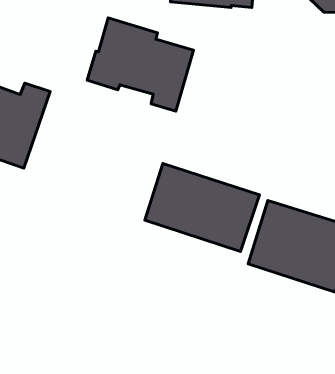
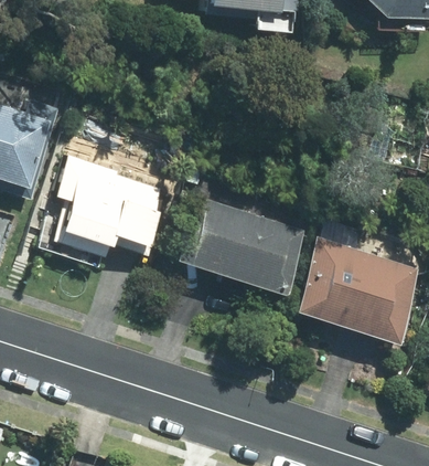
building: [87,18,194,111] -> none
building: none -> [55,155,162,246]

